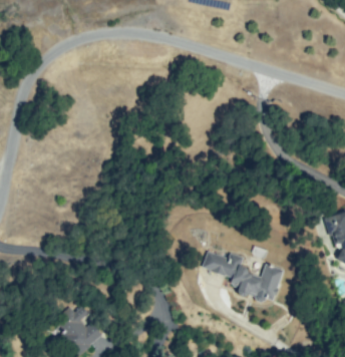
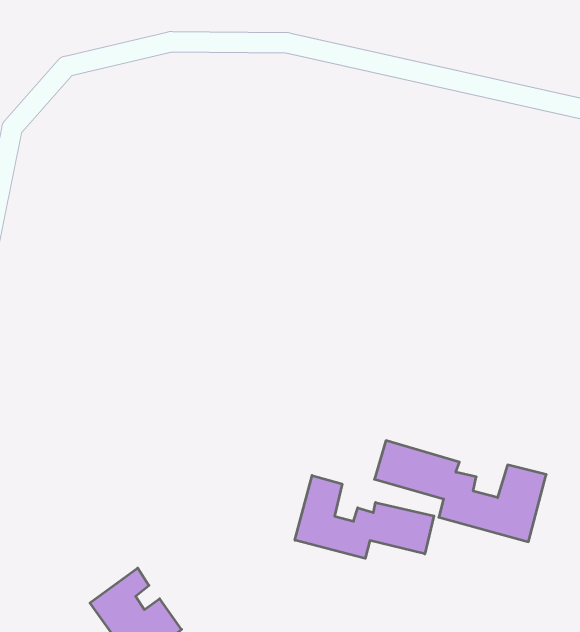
building: none -> [295,475,434,558]

